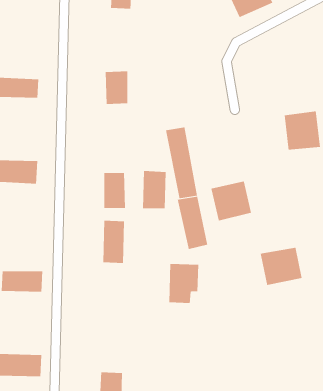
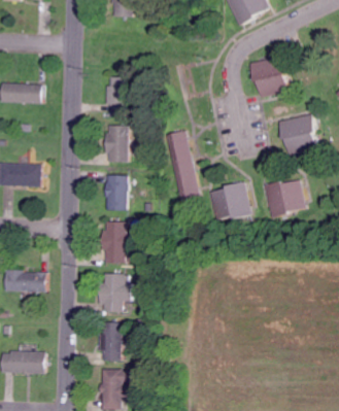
building: none -> [250,56,290,97]
building: [142,171,167,209] -> [105,125,129,162]
building: [177,196,208,250] -> none
building: [260,247,302,285] -> [264,179,305,216]
building: [168,263,199,304] -> [100,273,130,312]
building: none -> [98,330,125,361]

